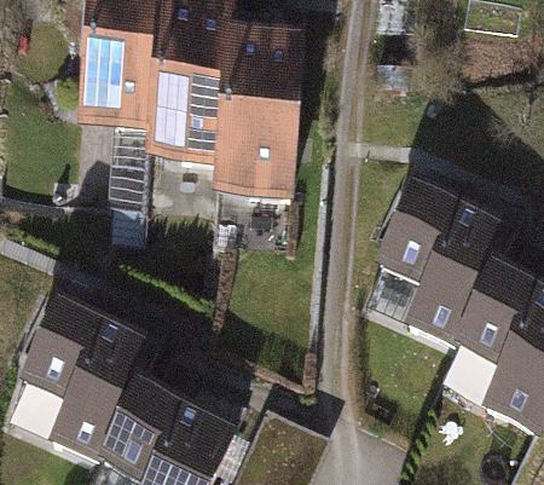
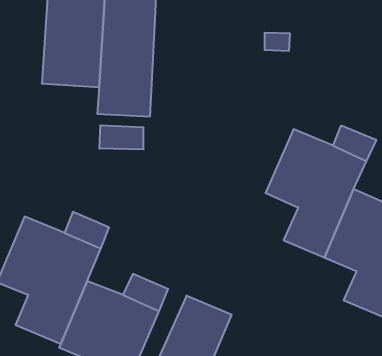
building: [222,27,301,201] -> none

